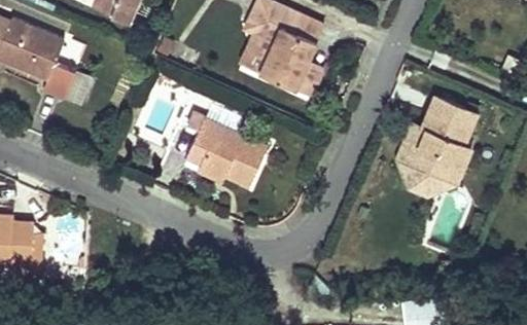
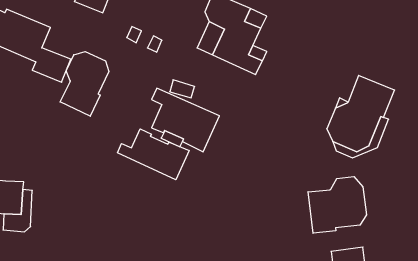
building: none -> [60,52,109,116]
building: none -> [118,129,189,180]
building: none -> [308,177,366,233]

